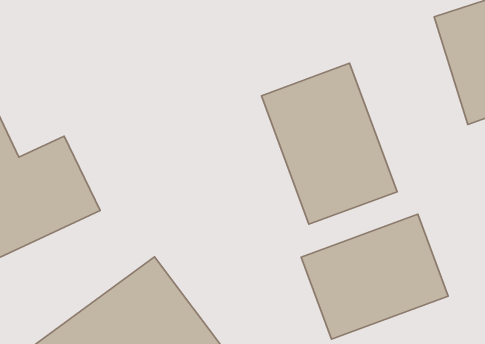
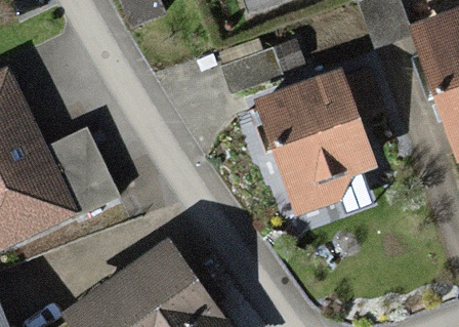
building: [301,214,448,339] -> none

